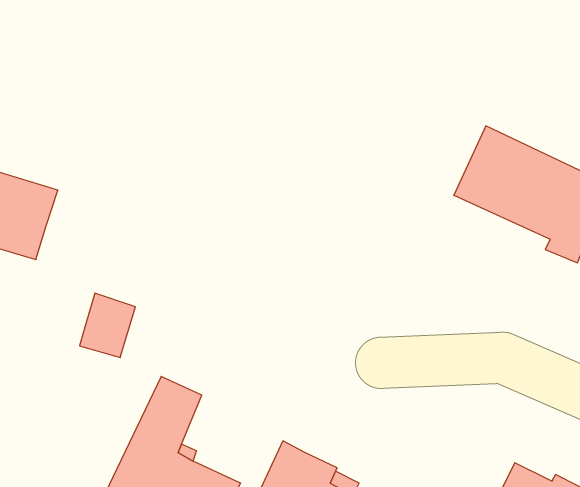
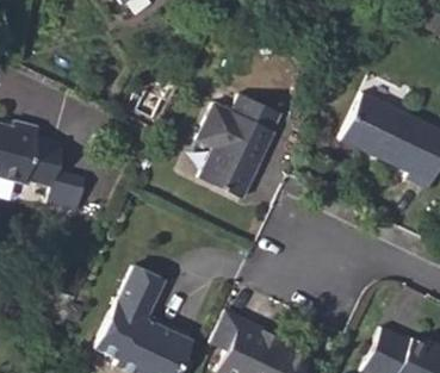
building: none -> [197,94,281,198]
building: [80,293,135,358] -> [45,162,85,207]

